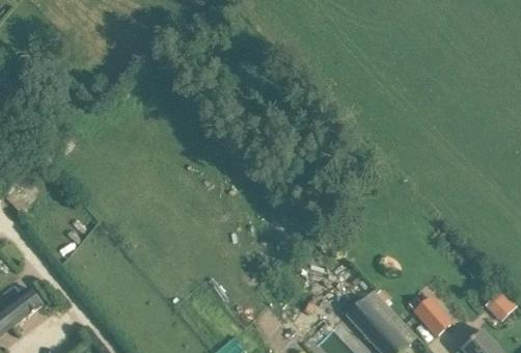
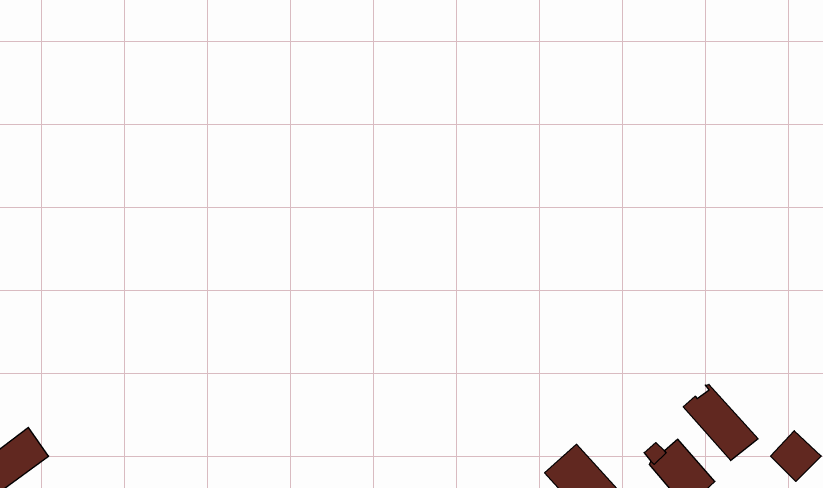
building: none -> [683,384,758,461]

